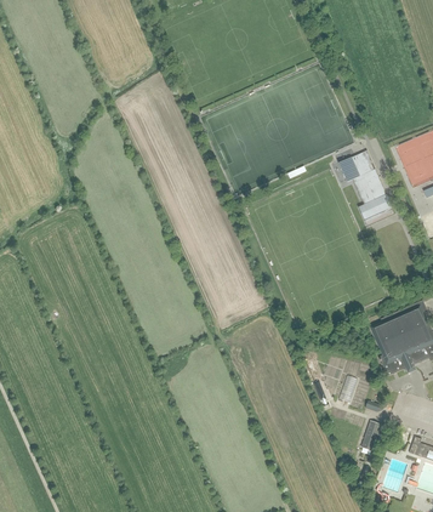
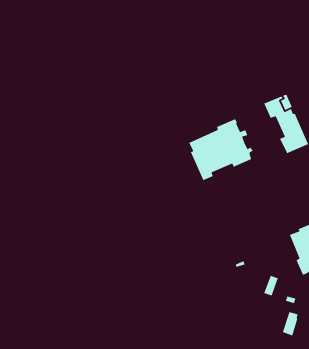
building: none -> [188,118,254,181]

